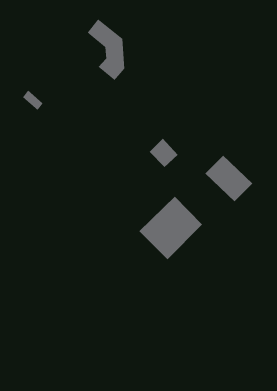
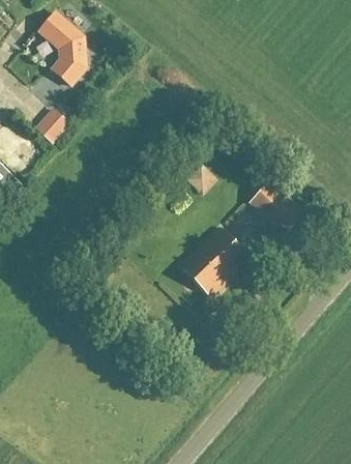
building: [87,18,125,81] -> [38,14,81,84]

